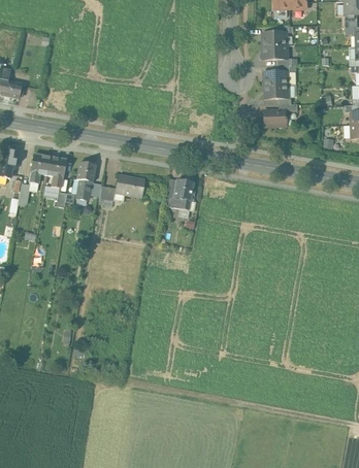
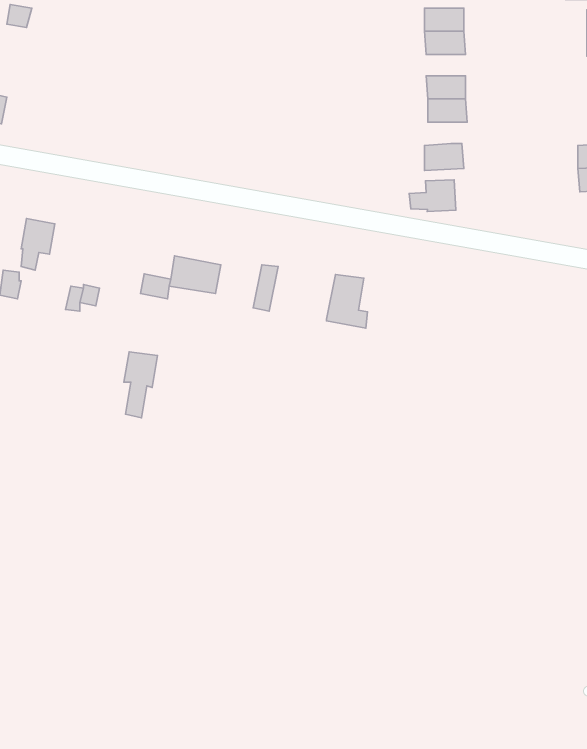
building: none -> [409,180,456,211]
building: [46,157,66,188] -> none
building: [76,163,96,201] -> [124,352,158,418]
building: [173,181,197,212] -> [327,275,368,328]

